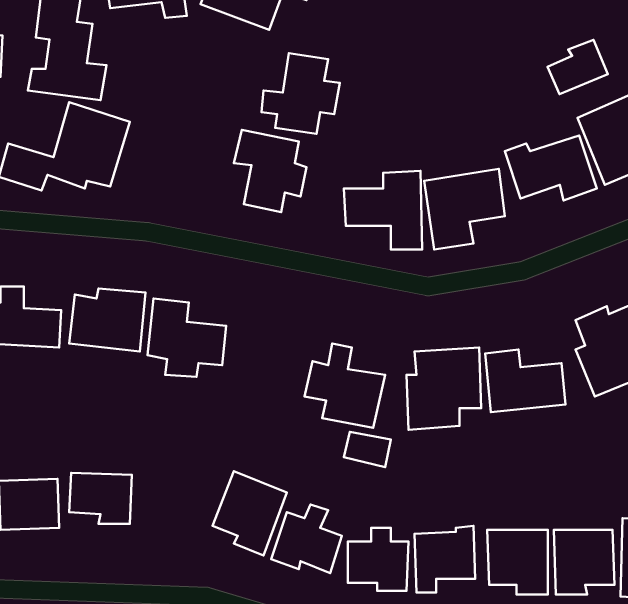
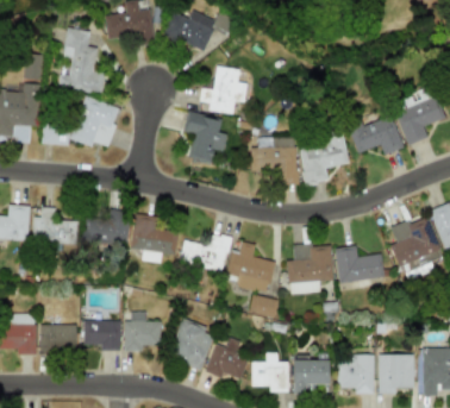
building: [548,40,608,94] -> none
building: none -> [180,233,231,272]
building: none -> [124,312,161,352]

